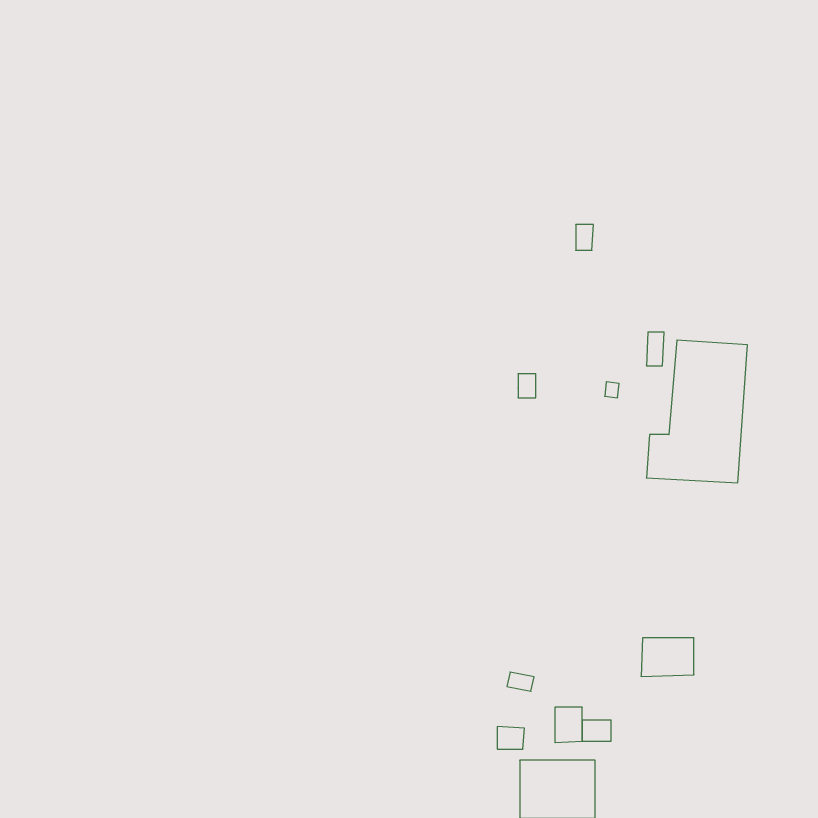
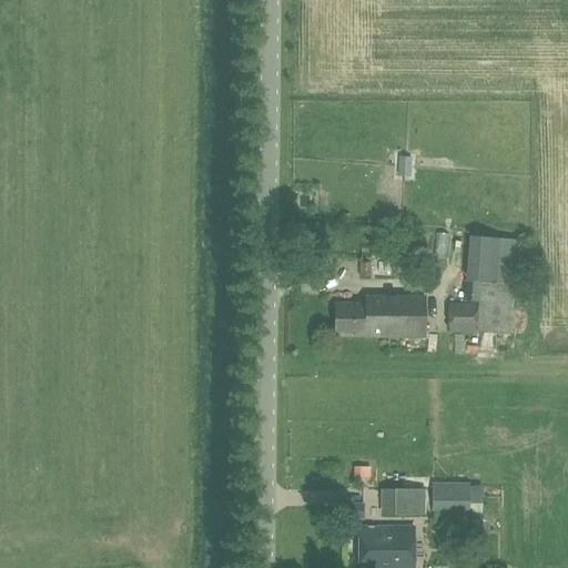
building: none -> [334,295,426,336]
building: [641,638,694,676] -> [435,484,471,510]

